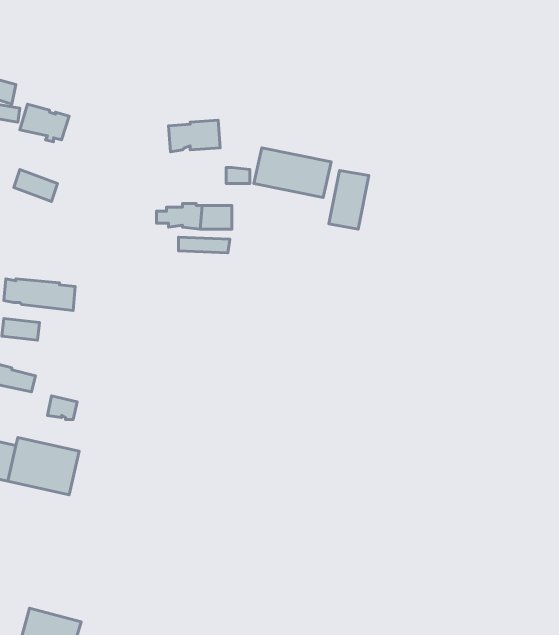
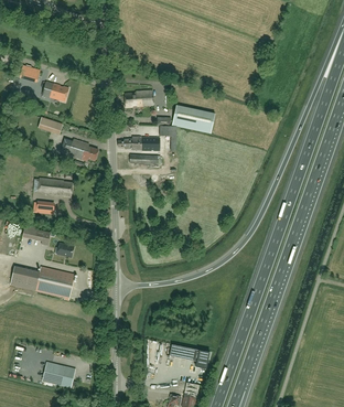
building: [329,170,369,229] -> none
building: none -> [61,138,98,160]
building: none -> [170,344,209,368]

